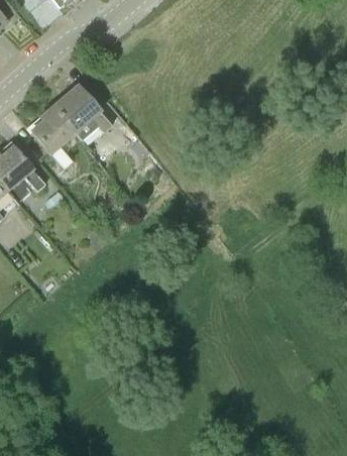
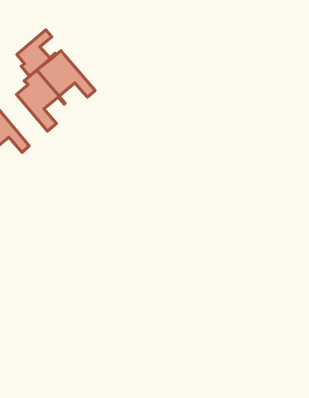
building: none -> [17,30,56,76]

